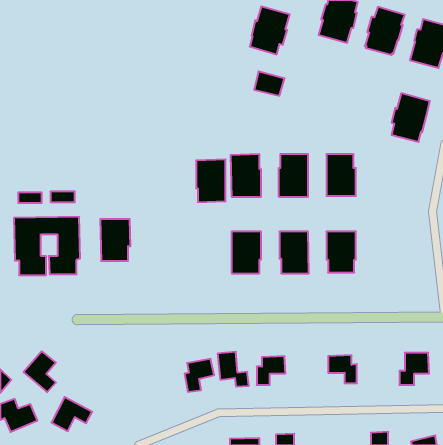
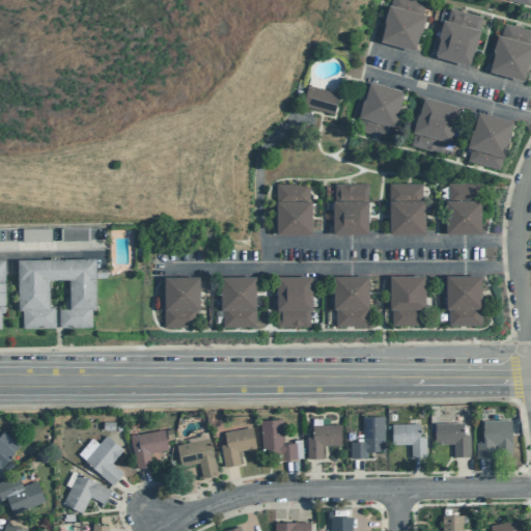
building: [250,7,290,54] -> [358,82,406,139]
building: none -> [412,96,459,153]
building: none -> [446,184,482,233]
building: [196,159,226,202] -> [222,276,257,327]
building: [100,219,131,261] -> [165,277,201,327]
building: none -> [447,275,483,325]
building: none -> [352,416,386,458]
building: [24,351,56,392] -> [86,436,124,484]
building: none -> [436,422,471,456]
building: none -> [131,429,169,469]
building: none -> [178,438,219,478]

